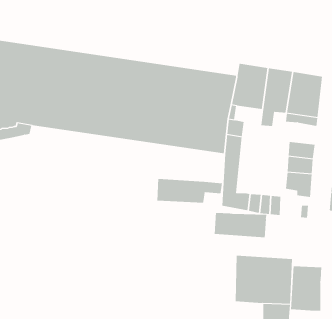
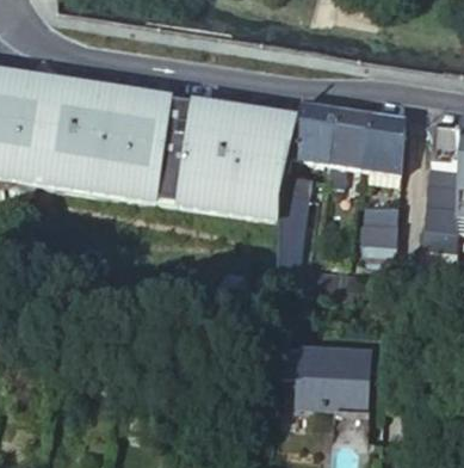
building: [157,178,223,203] -> none
building: [214,212,267,238] -> none
building: [290,266,322,312] -> none

